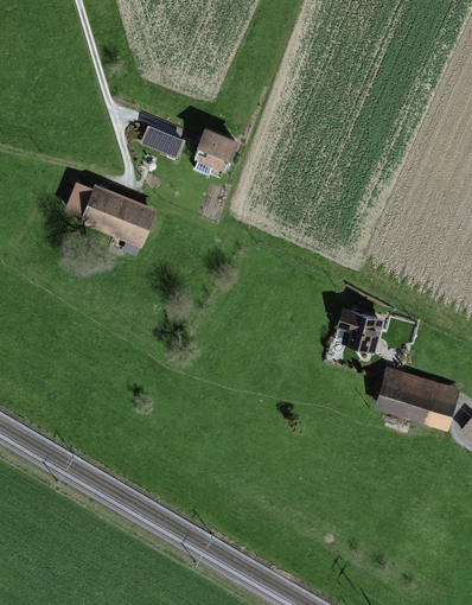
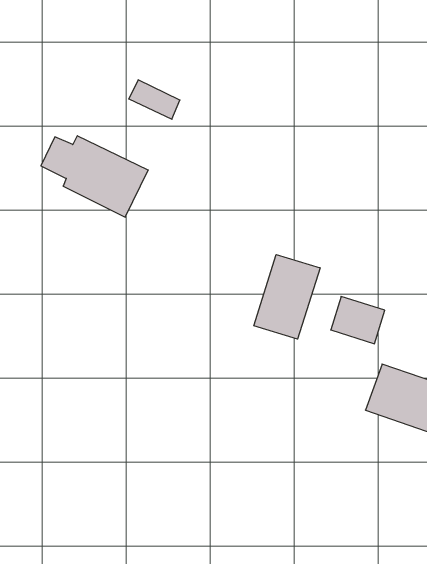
building: [193,129,240,173] -> none
building: none -> [254,255,320,339]

